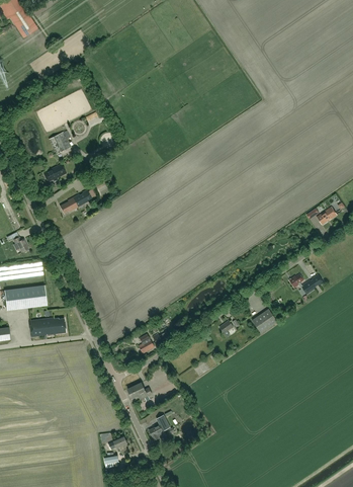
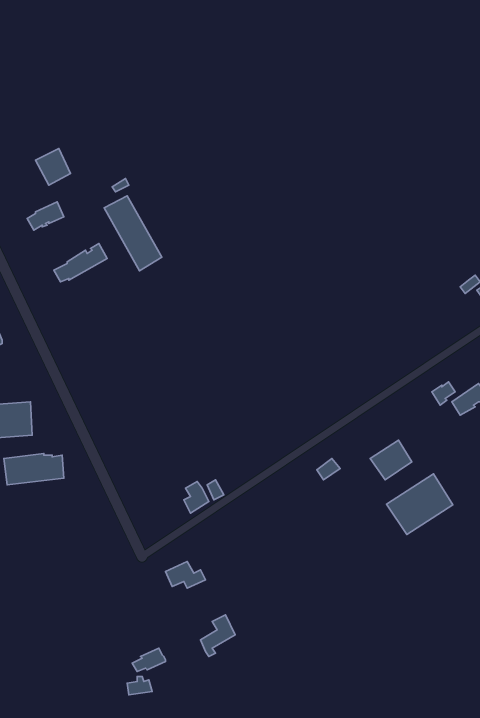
building: none -> [104,196,162,271]
building: none -> [386,474,453,535]

